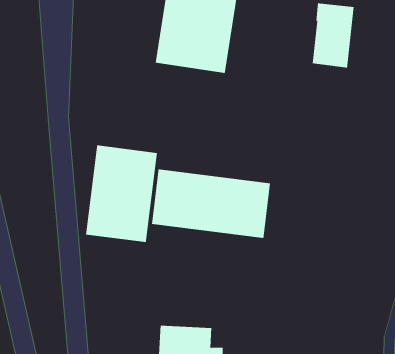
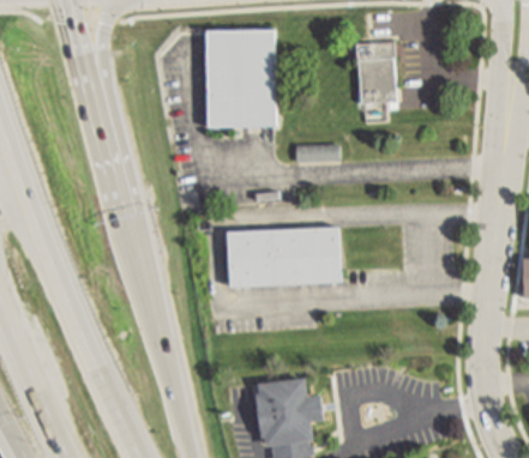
building: none -> [295,145,339,162]
building: [86,145,158,243] -> none

